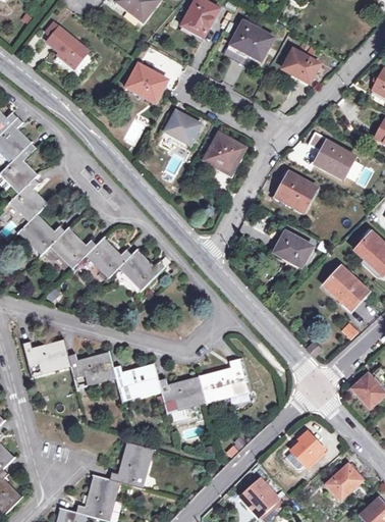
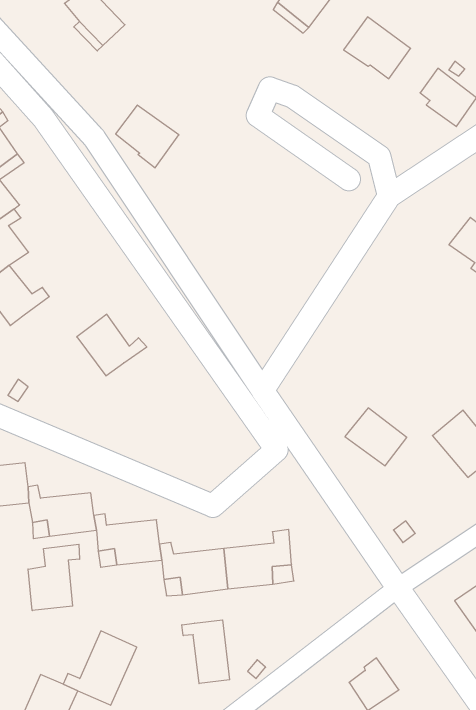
building: [126,64,167,103] -> [116,105,179,168]
building: [164,110,201,145] -> none
building: [205,134,244,173] -> none
building: [275,173,317,212] -> none
building: [50,227,95,267] -> none
building: [272,230,312,266] -> [345,408,407,466]
building: [118,250,164,289] -> none
building: none -> [28,544,80,611]
building: none -> [182,620,230,684]

